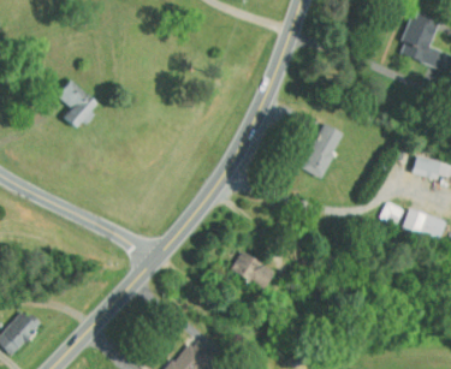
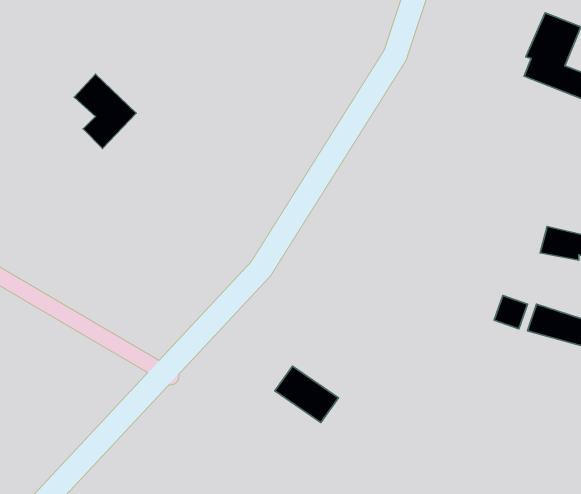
building: [57,78,99,129] -> [74,74,136,148]
building: [301,121,344,177] -> none

